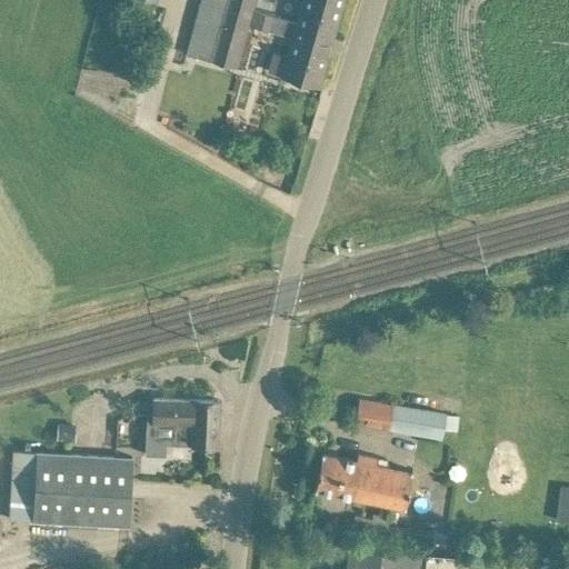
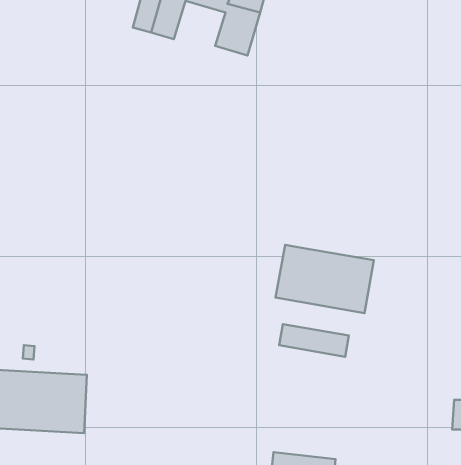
building: none -> [275,245,374,313]
building: [146,401,221,458] -> none
building: [316,456,413,510] -> none

